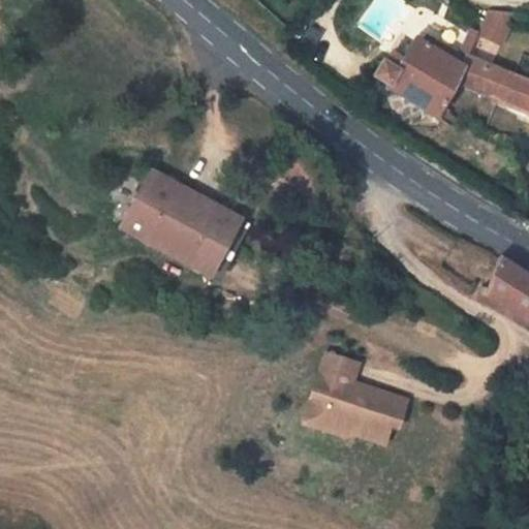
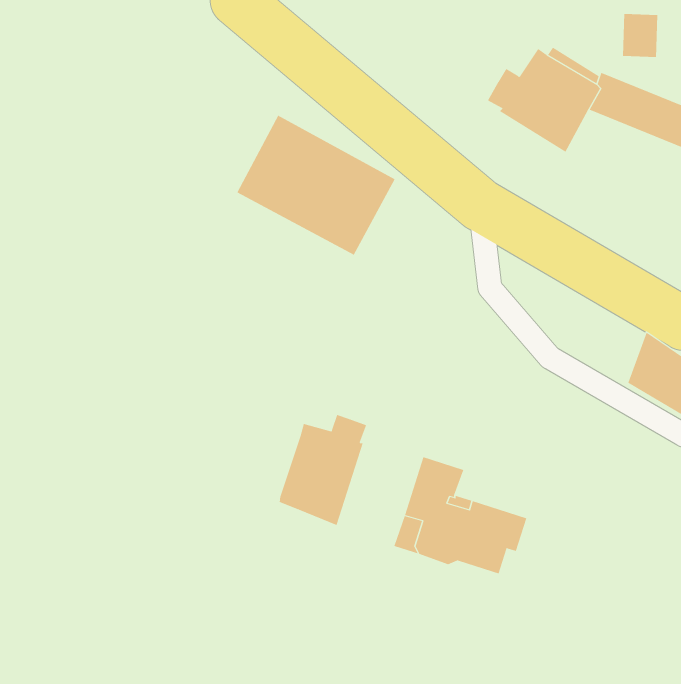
building: [121,168,244,277] -> [236,115,396,256]
building: none -> [279,414,367,526]

